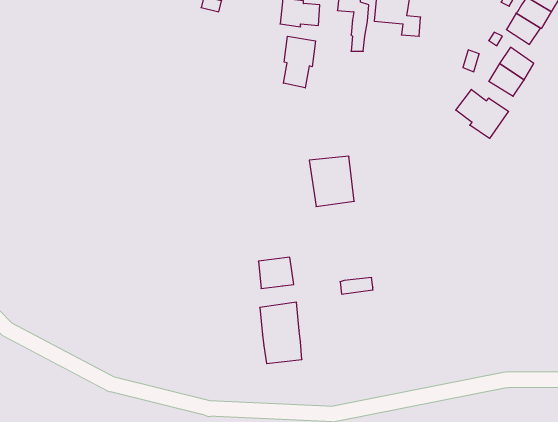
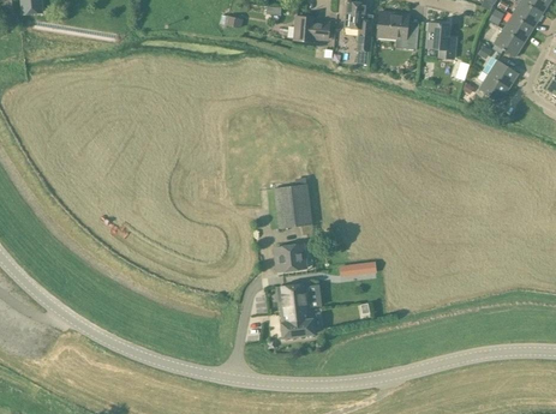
building: none -> [426,23,456,59]
building: [283,36,316,88] -> none
building: [456,89,509,138] -> none
building: [309,156,354,207] -> [273,184,312,228]

